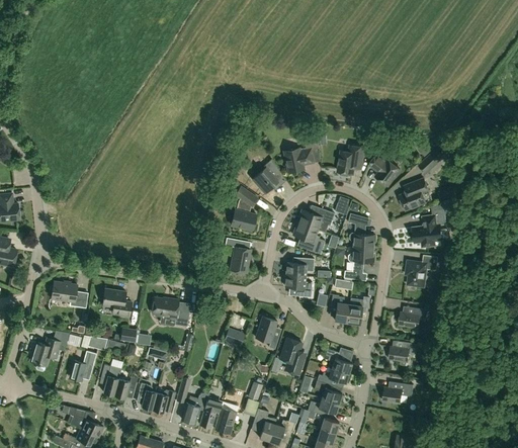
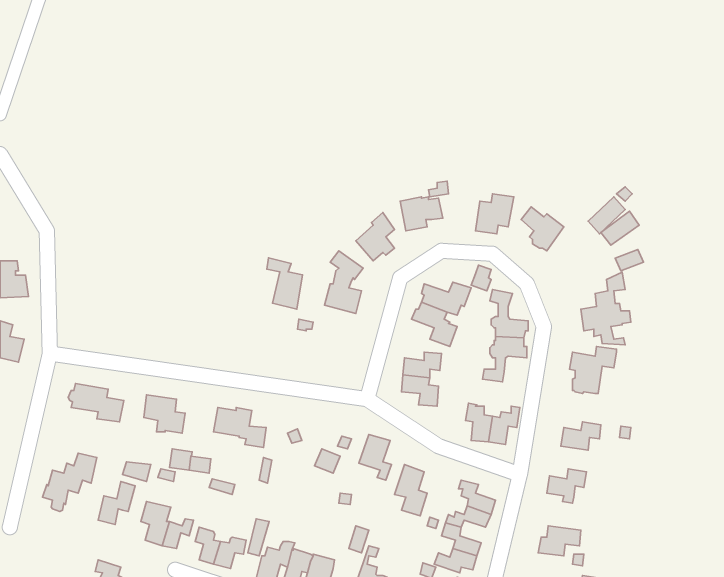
building: [400,178,432,209] -> none
building: [226,237,251,273] -> [267,258,303,309]

